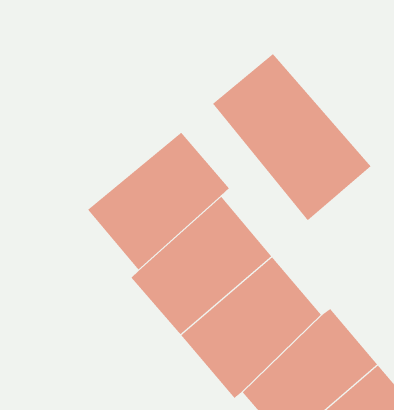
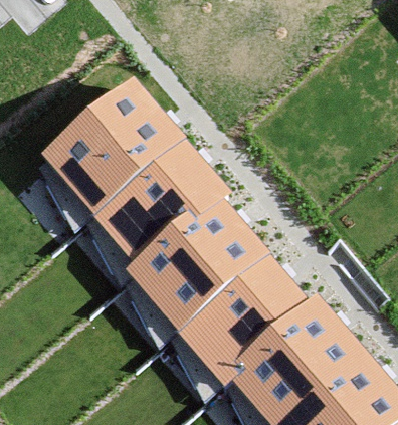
building: [212,53,371,221] -> none
building: none -> [46,82,177,208]

